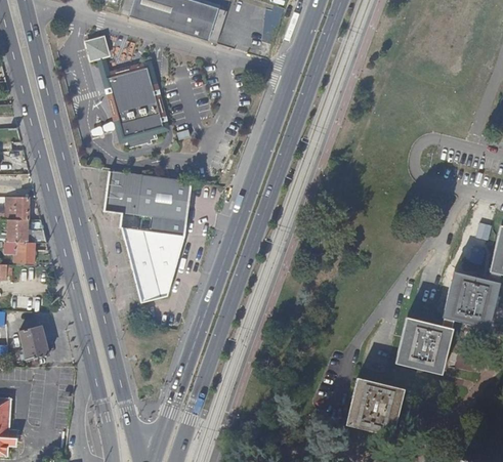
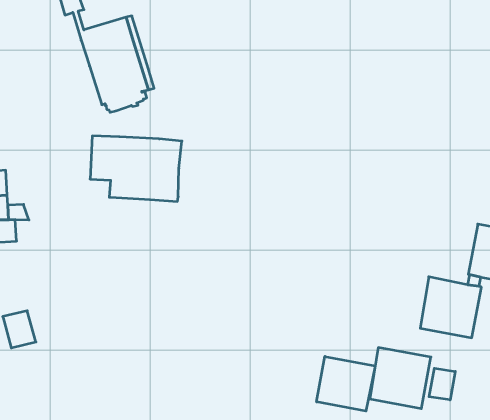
building: [121,227,186,301] -> none
building: none -> [317,356,375,411]
building: none -> [429,368,455,400]

